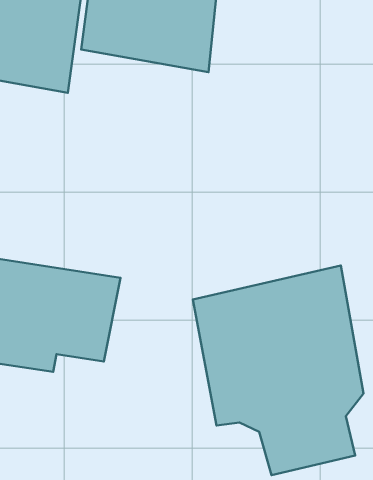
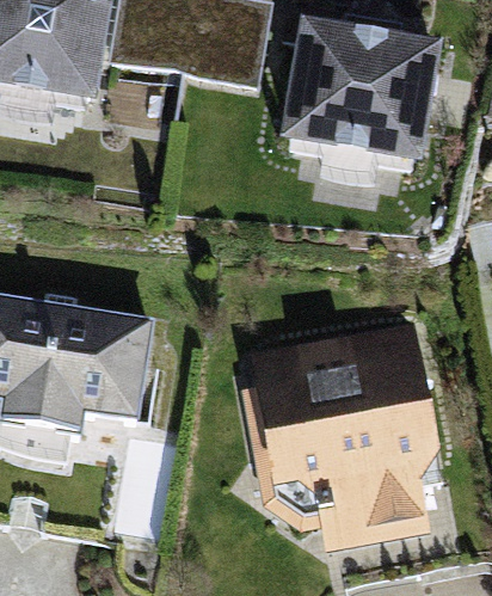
building: none -> [278,17,443,168]

